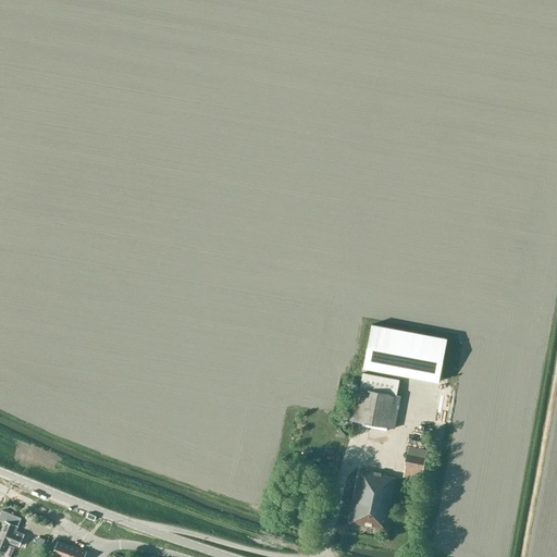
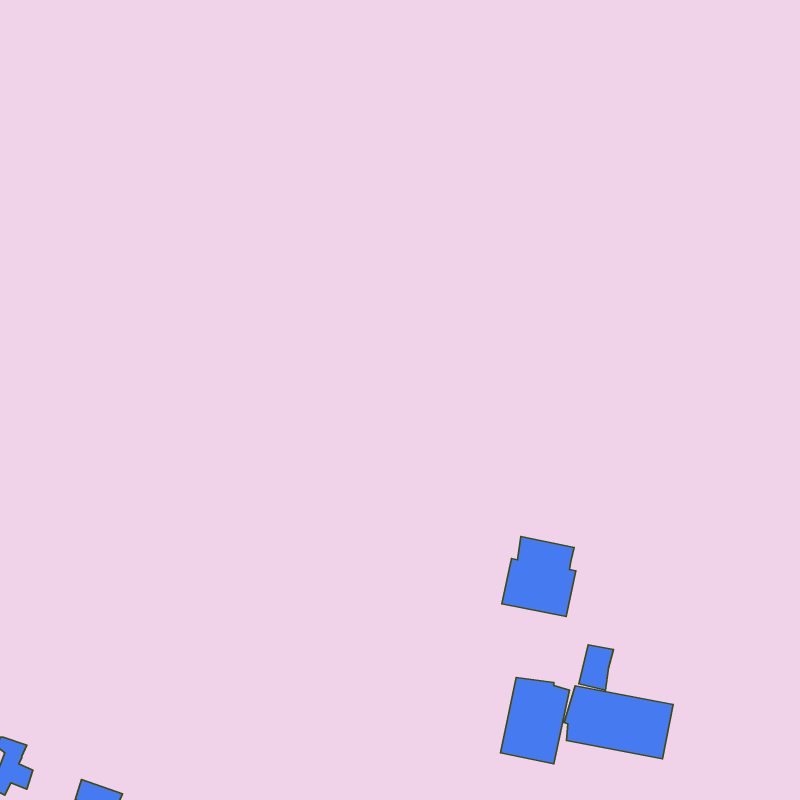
building: [363,326,445,382] -> none
building: none -> [564,686,673,759]

